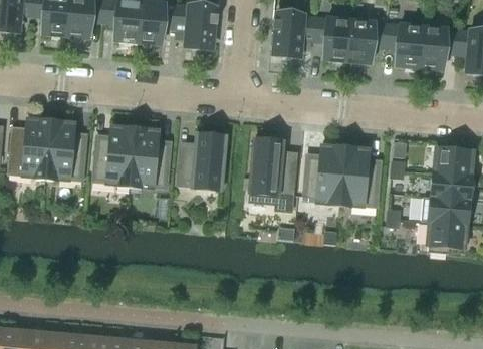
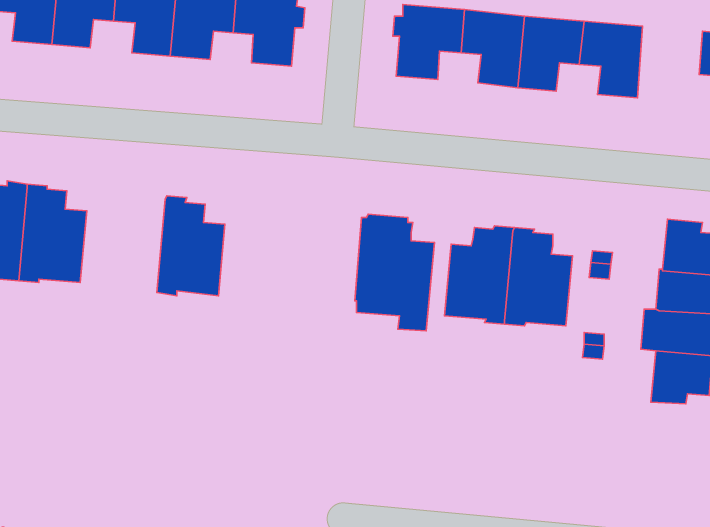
building: [419,25,458,70] -> none
building: [92,126,135,186] -> none
building: [177,133,225,190] -> none

